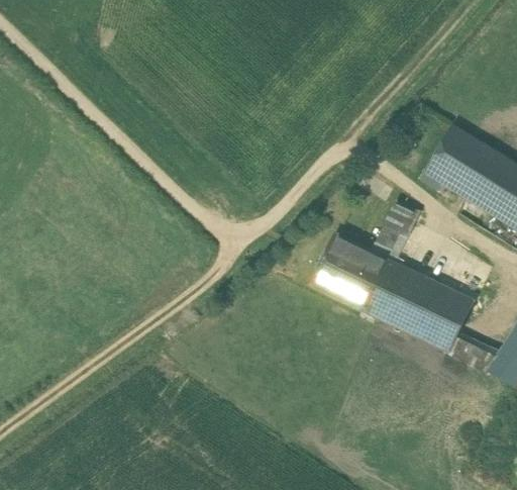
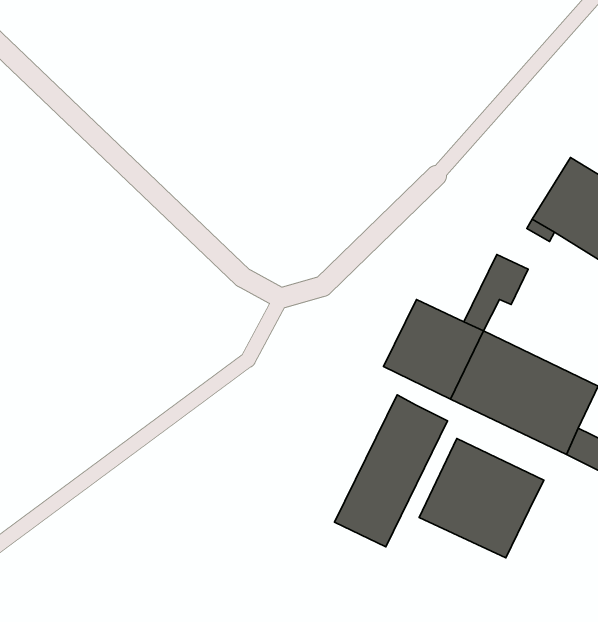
building: none -> [335,395,447,547]
building: none -> [419,439,544,558]

